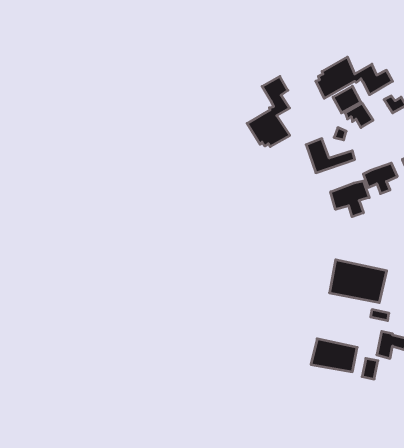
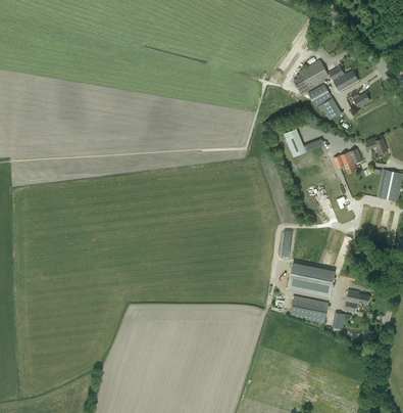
building: [247,76,290,147] -> none
building: [331,181,369,217] -> none
building: [329,260,387,303] -> [287,262,335,297]

